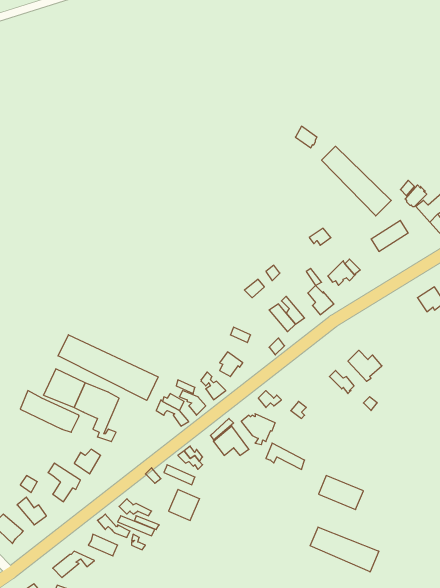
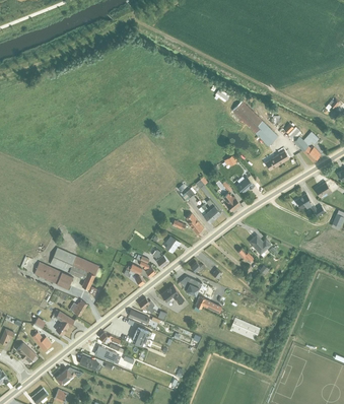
building: [58,335,158,400] -> none
building: [310,527,379,572] -> none

